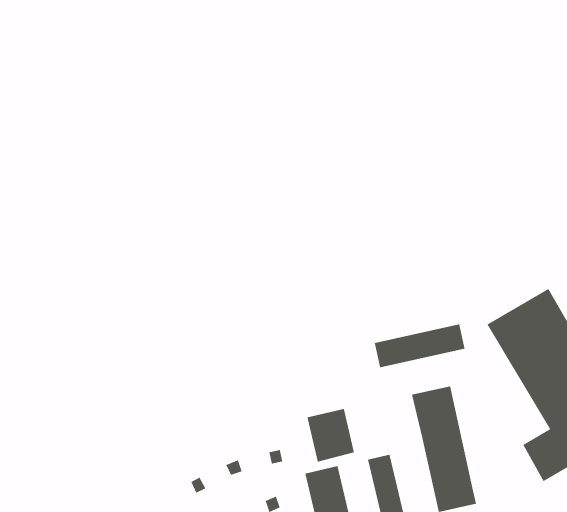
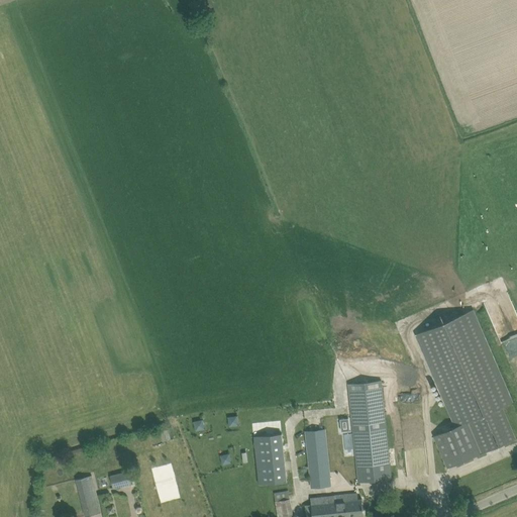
building: [374,324,465,368] -> none
building: [307,408,354,462] -> none

